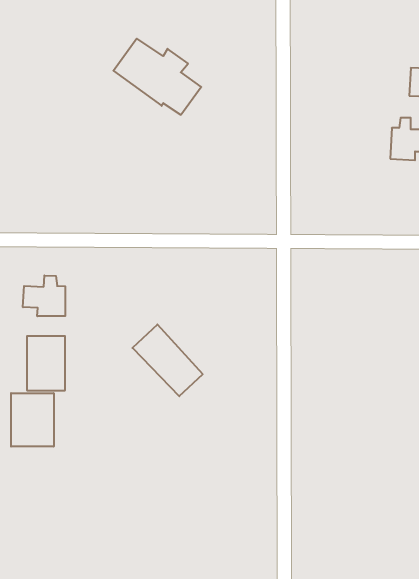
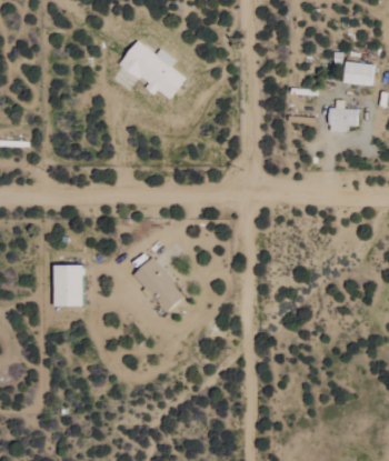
building: [23,275,65,316] -> none
building: [11,393,54,447] -> none

